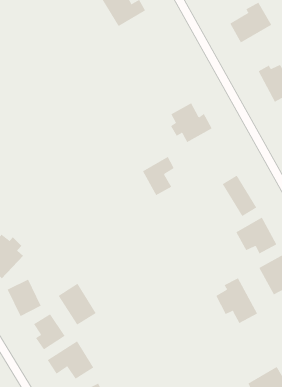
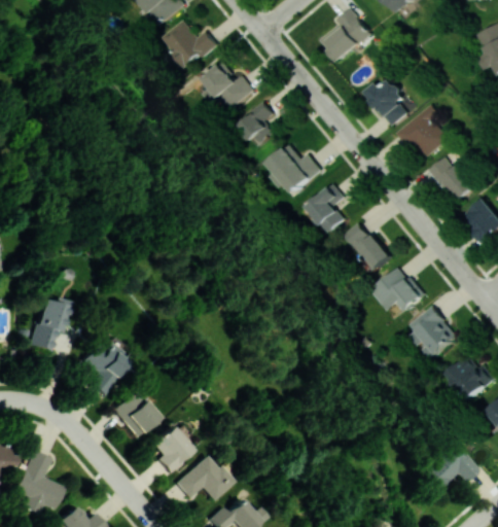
building: none -> [203,63,255,112]
building: none -> [240,102,276,147]
building: [142,156,175,196] -> [307,183,346,234]
building: [216,277,258,324] -> none
building: [58,283,97,326] -> none

